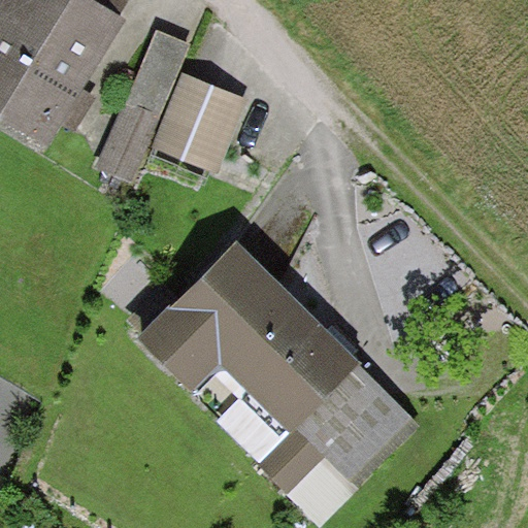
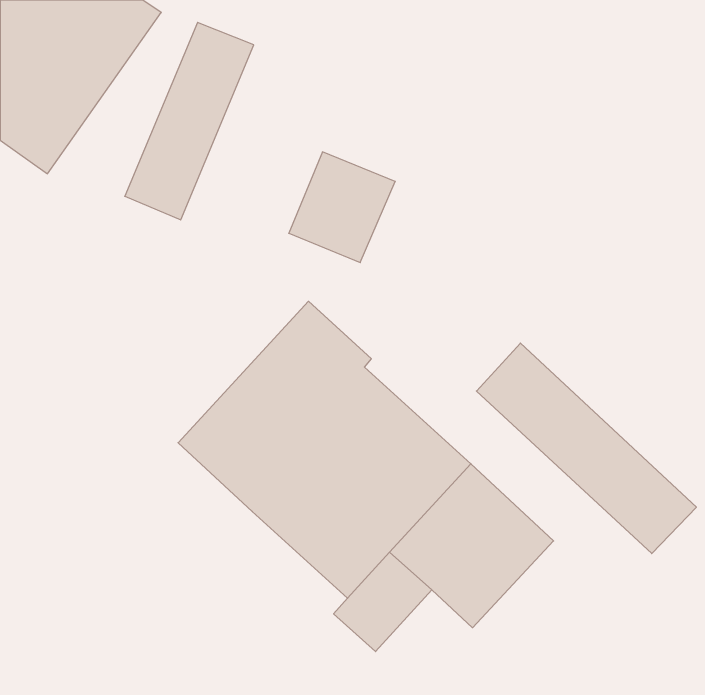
building: [162,84,240,165] -> [289,152,395,263]
building: none -> [476,343,696,554]

